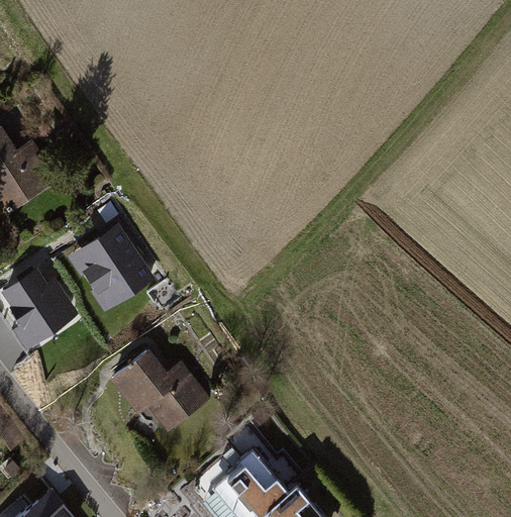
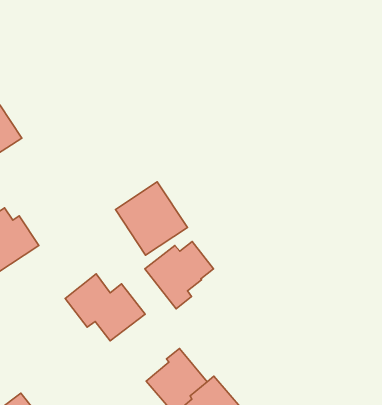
building: [66,222,155,313] -> [115,182,187,255]
building: none -> [145,242,214,309]

